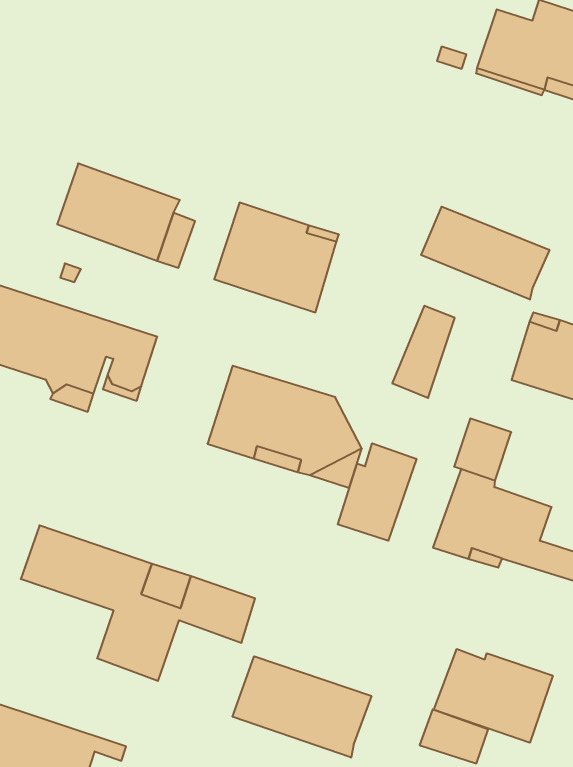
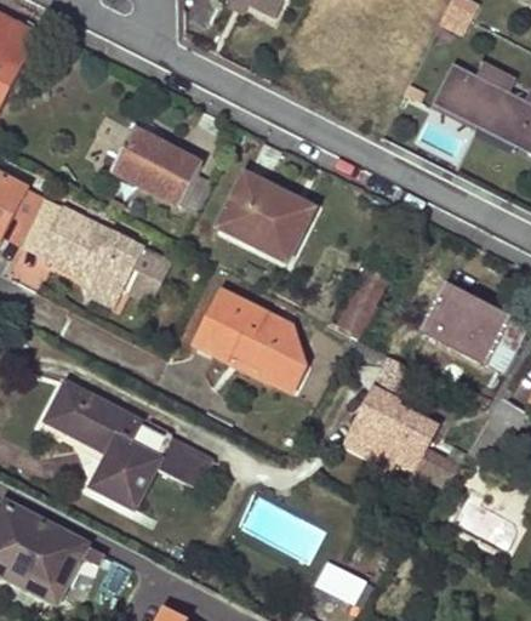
building: [421,207,549,300] -> none
building: [338,443,416,541] -> none
building: [434,649,553,743] -> none
building: [233,656,371,758] -> none

